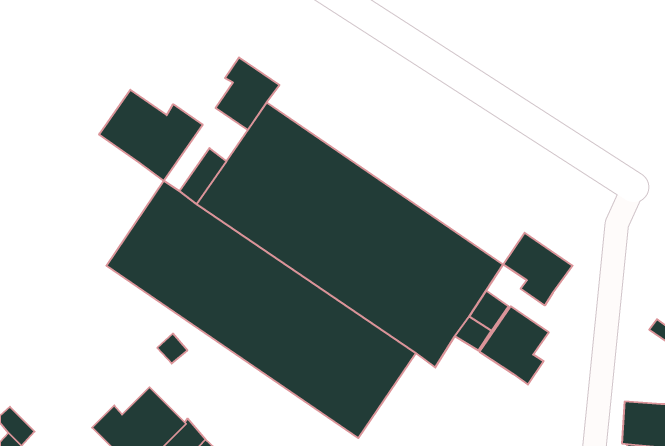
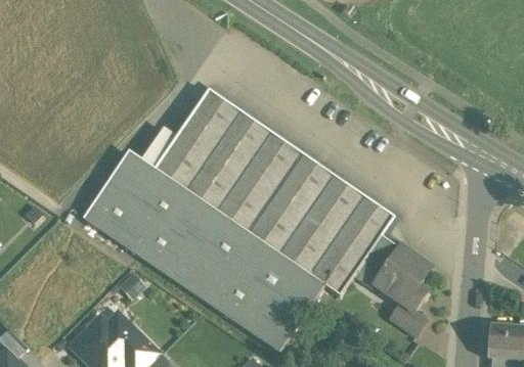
building: [216,57,279,130] -> none
building: [99,90,203,181] -> none
building: [503,233,573,305] -> none
building: none -> [393,303,427,334]

